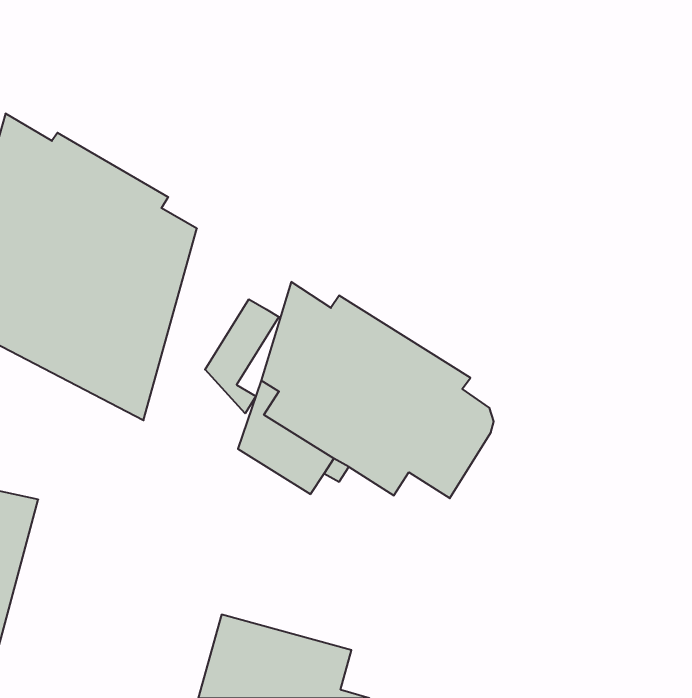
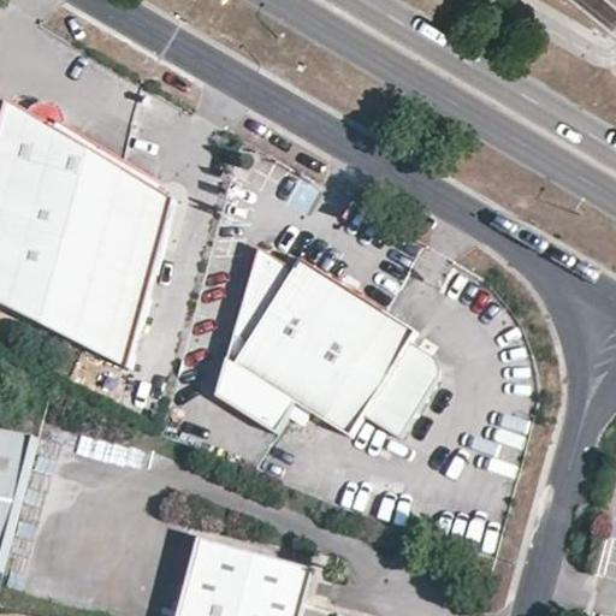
building: [205,299,279,413] -> none

